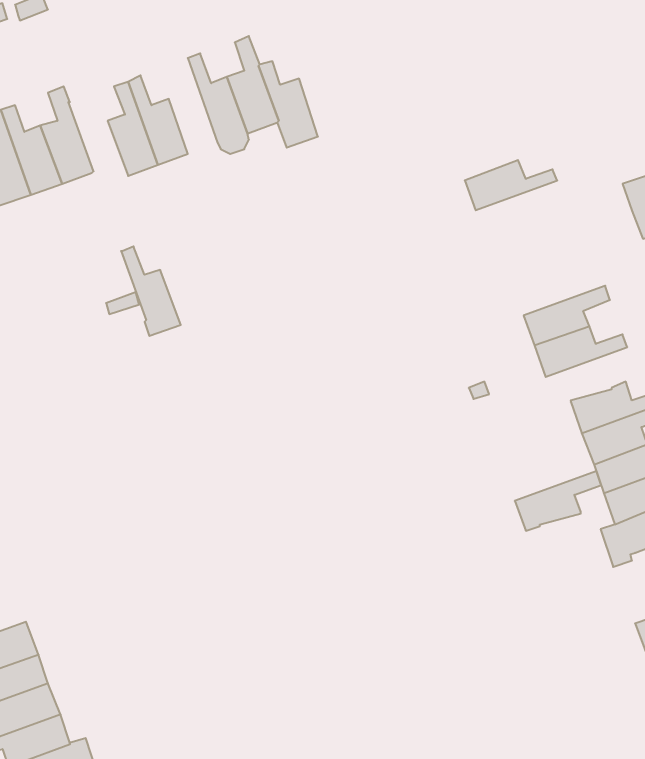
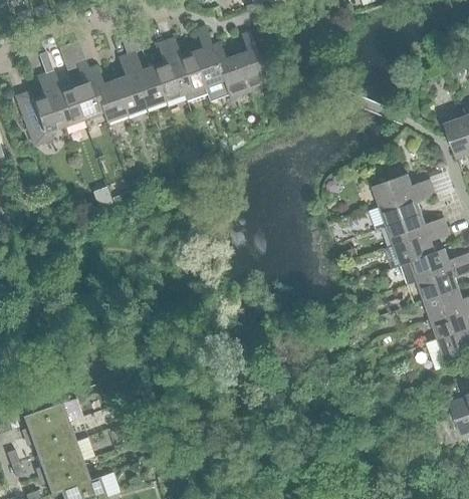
building: none -> [235,31,267,90]
building: none -> [152,40,183,101]
building: [465,160,557,210] -> [372,173,431,205]
building: [121,246,181,336] -> [87,65,126,122]
building: [515,471,601,531] -> [393,225,448,263]

